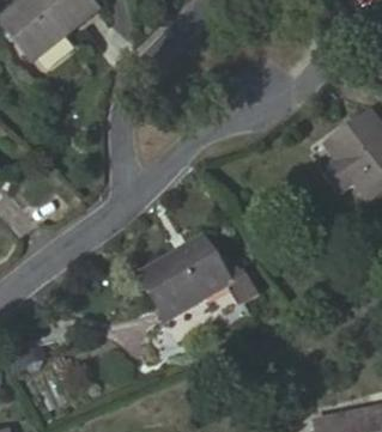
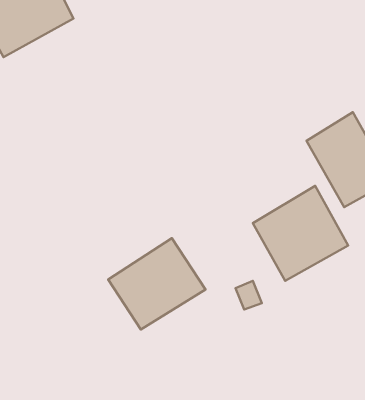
building: none -> [253,186,348,281]

